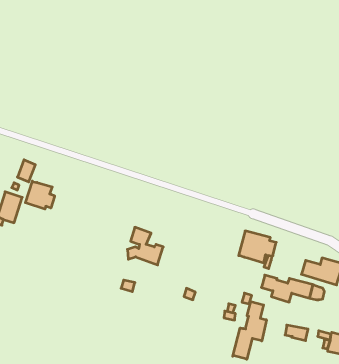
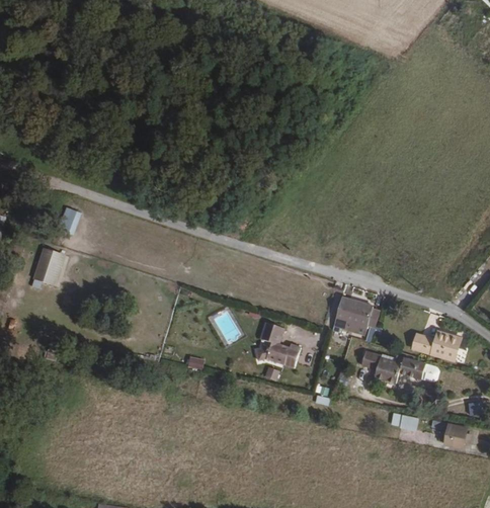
building: [25,181,55,209] -> none
building: [127,227,163,265] -> [255,322,300,368]
building: [233,301,266,359] -> none

